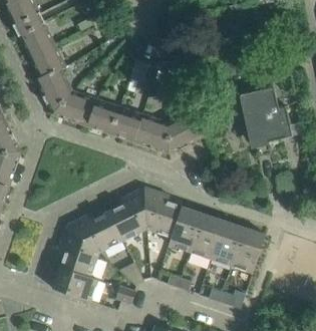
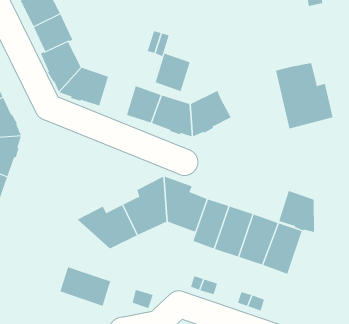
building: [88,99,119,133] -> [155,53,190,92]
building: none -> [278,190,315,233]
building: [59,225,97,276] -> none

